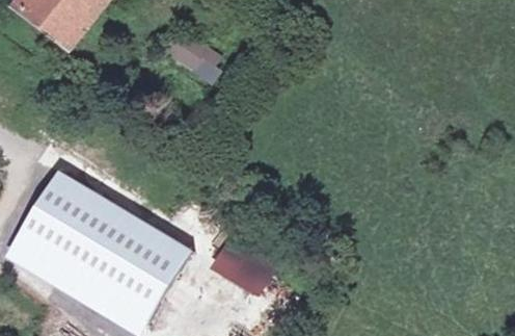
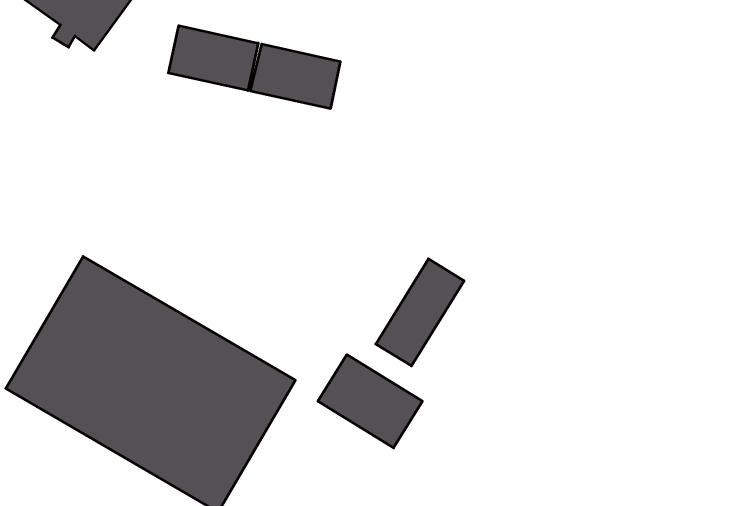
building: none -> [168,26,258,91]
building: none -> [376,259,464,366]

